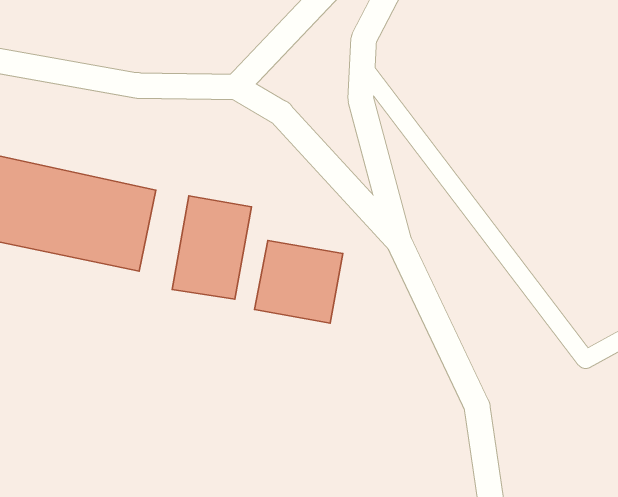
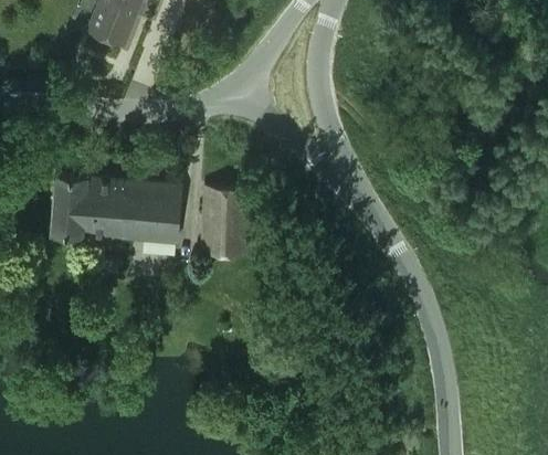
building: [254,240,343,323] -> none

